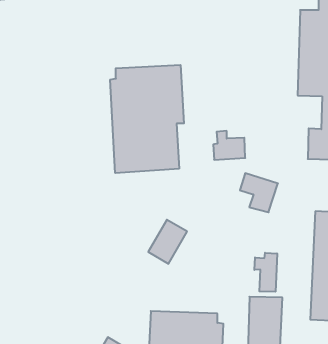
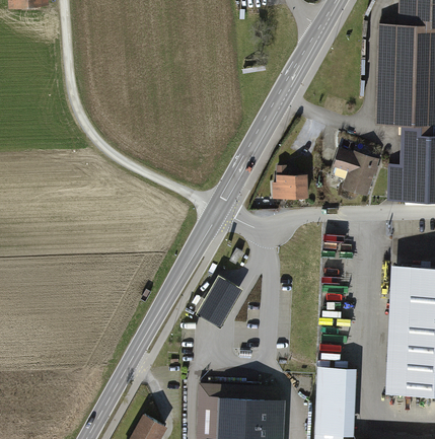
building: [110,65,184,173] -> none
building: [240,173,278,212] -> [335,149,380,196]
building: [254,253,277,292] -> none

